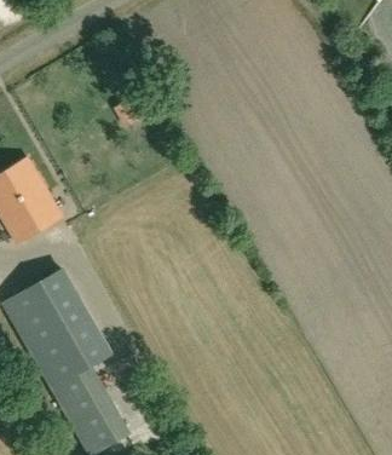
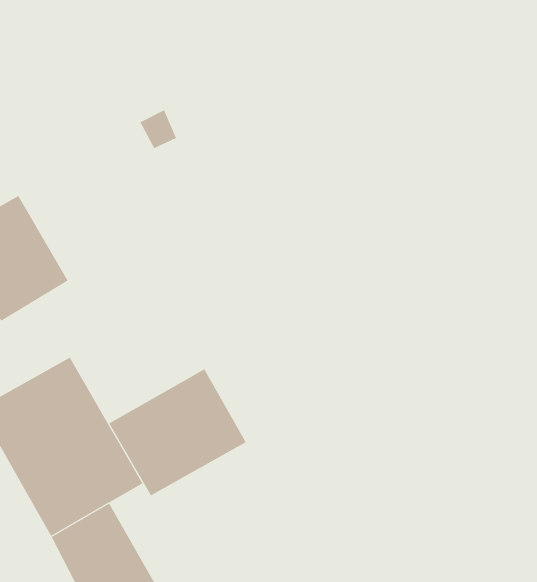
building: none -> [108,368,246,496]

